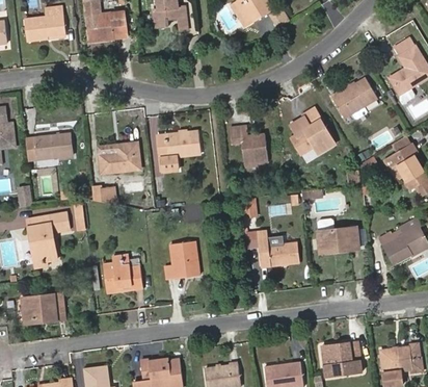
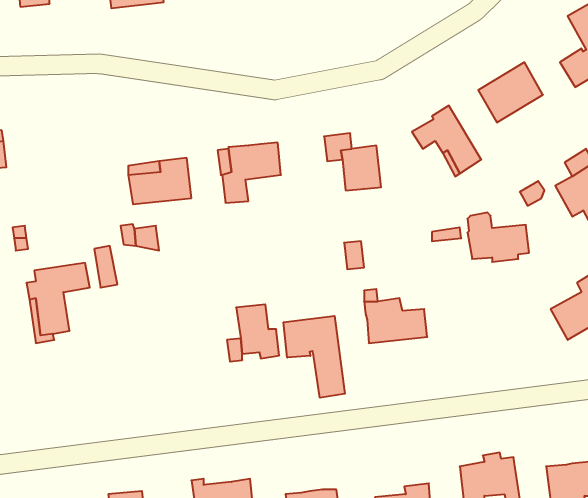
building: [28,132,72,160] -> none
building: [316,218,357,252] -> [467,213,529,262]
building: none -> [283,316,345,398]
building: [104,255,142,292] -> none
building: [23,291,65,320] -> none

